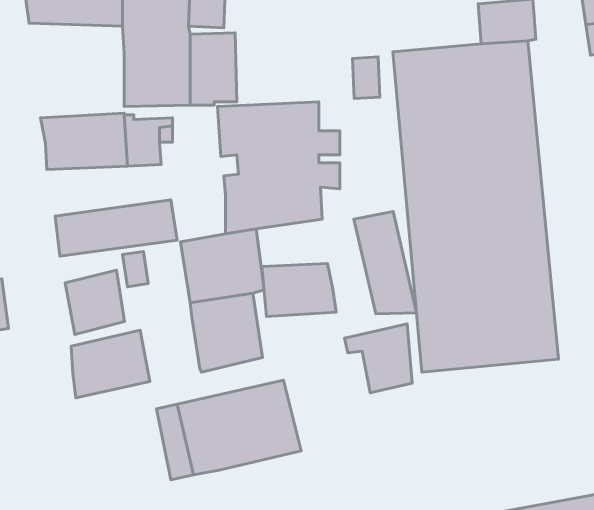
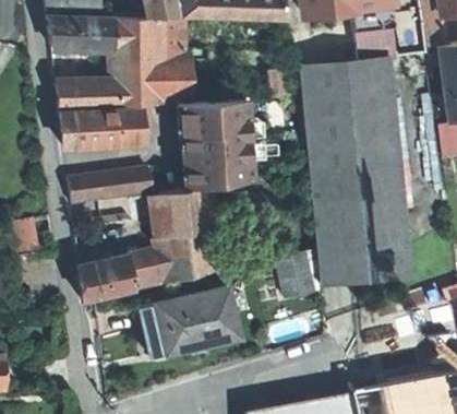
building: none -> [57,84,118,108]
building: [354,212,416,314] -> none
building: [262,263,336,316] -> none
building: [65,270,125,334] -> [128,247,168,291]

